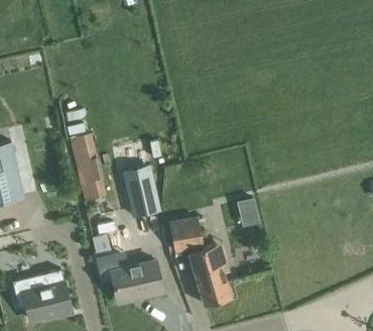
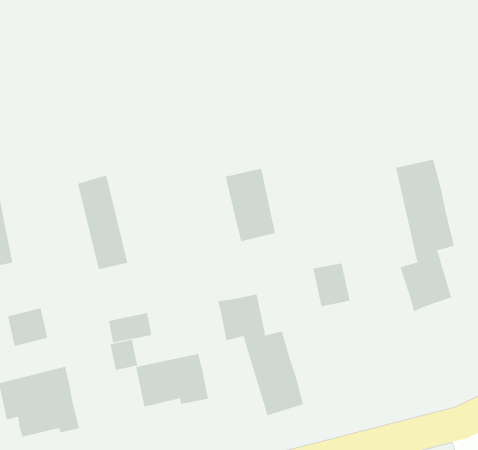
building: none -> [396,159,454,312]
building: [123,167,159,219] -> [225,168,276,242]
building: none -> [7,307,48,347]

